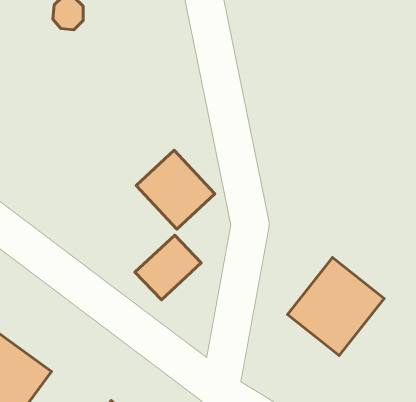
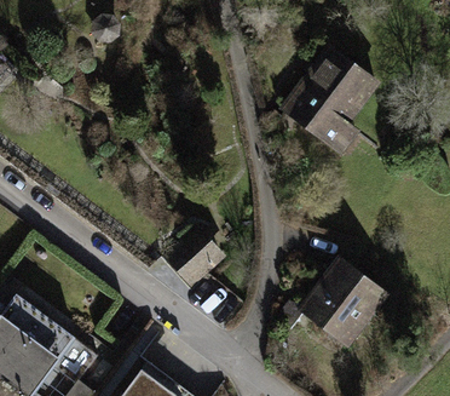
building: none -> [289,57,381,154]
building: [136,150,215,229] -> none

